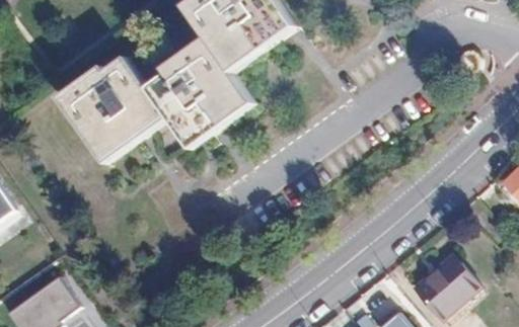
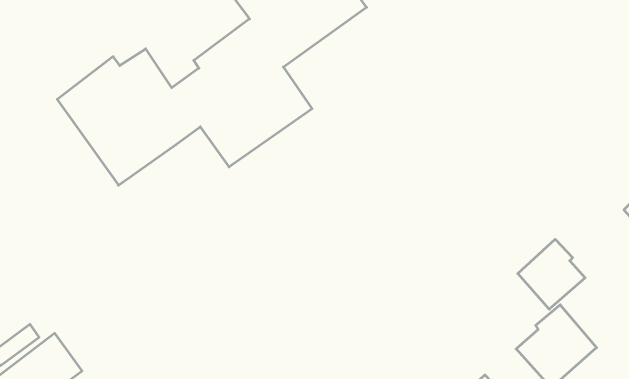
building: none -> [518,239,585,309]

